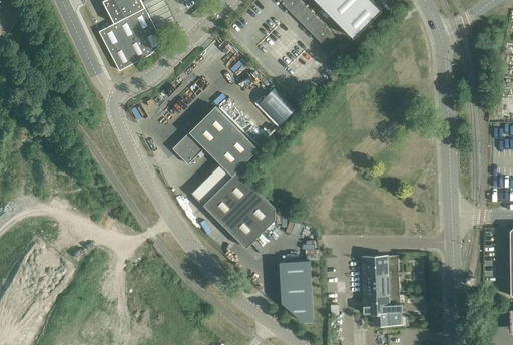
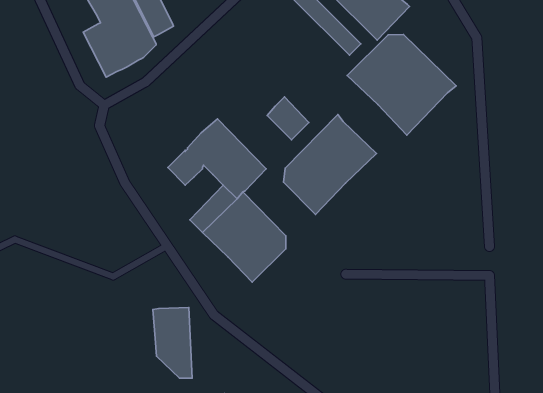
building: none -> [347,35,456,135]
building: none -> [284,115,377,214]
building: [362,255,400,324] -> none
building: [279,260,313,321] -> [153,307,192,378]

